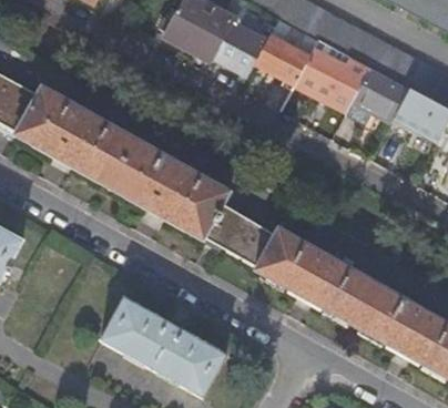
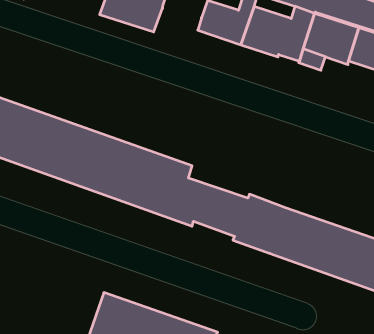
building: [213,33,261,75] -> none

